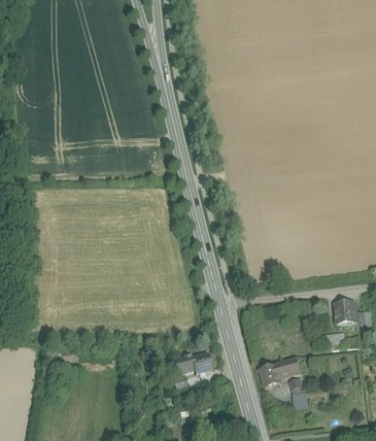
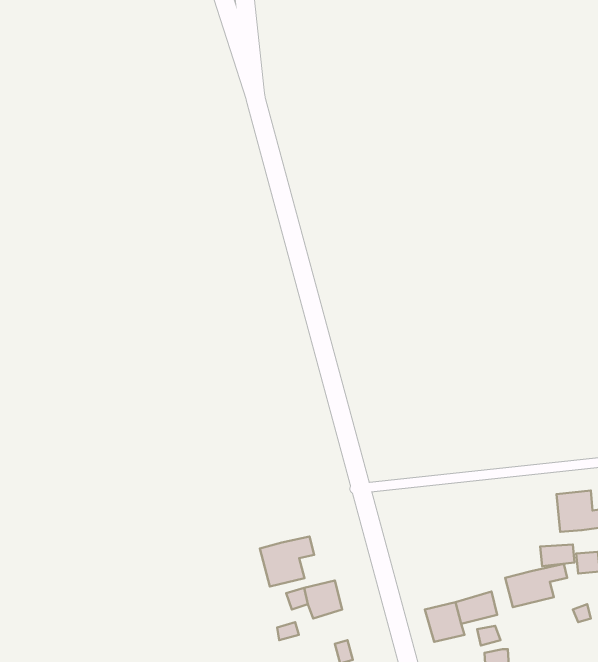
building: none -> [260,537,314,587]
building: none -> [505,564,567,607]

